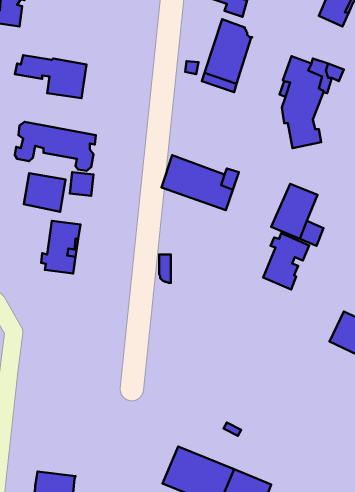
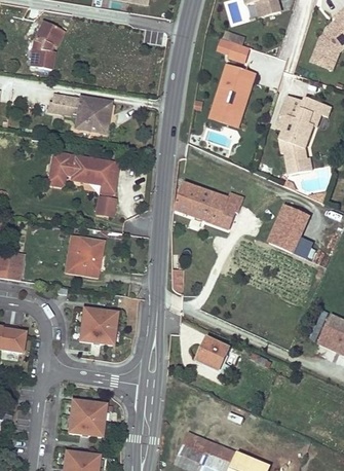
building: [24,173,65,212] -> none
building: [263,233,309,290] -> none
building: none -> [81,310,118,346]
building: none -> [198,336,229,368]
building: none -> [70,401,107,437]

